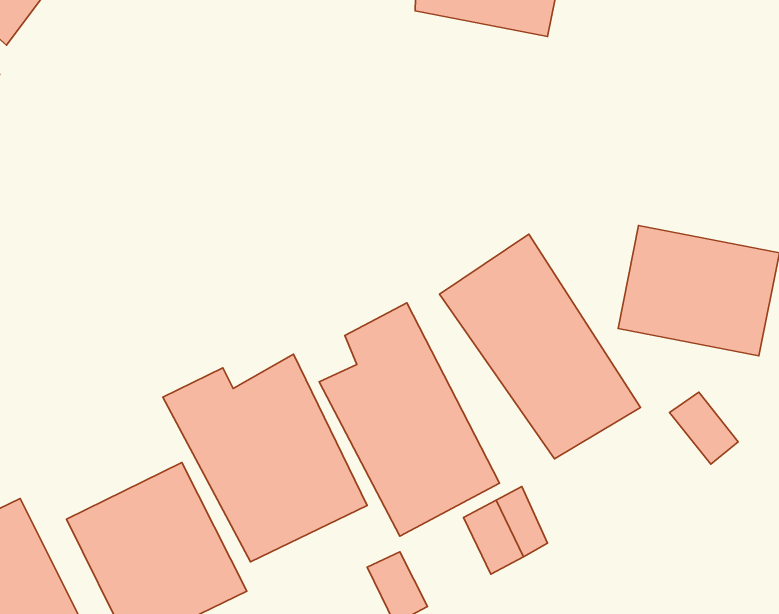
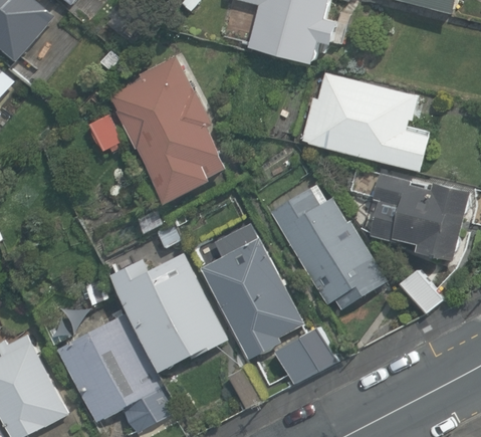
building: none -> [110,61,237,205]
building: none -> [300,75,431,171]

